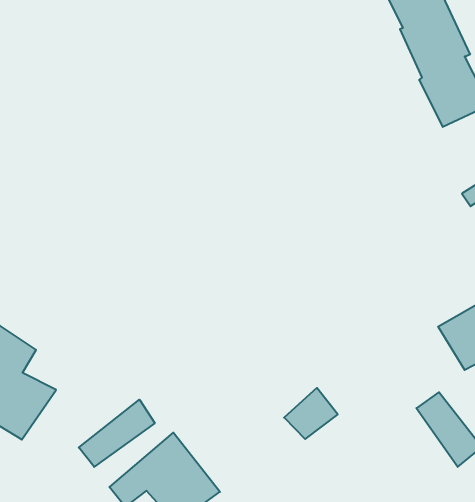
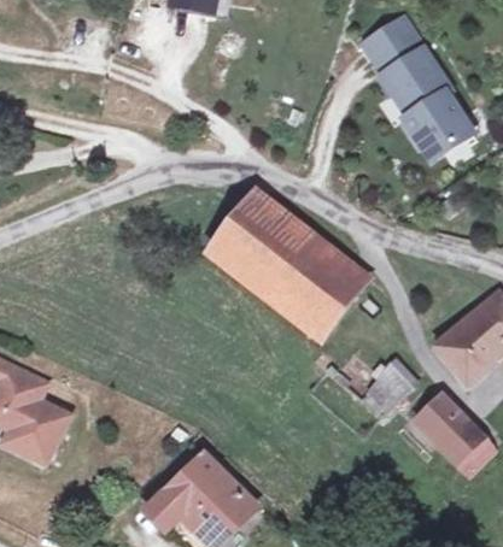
building: none -> [214,200,359,323]
building: [284,388,338,439] -> [367,359,415,406]
building: [79,400,155,467] -> none

